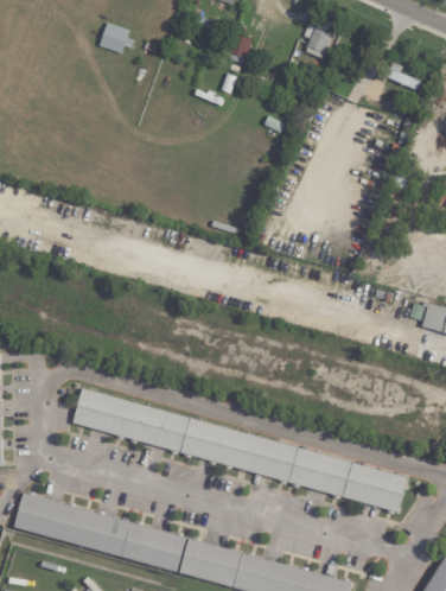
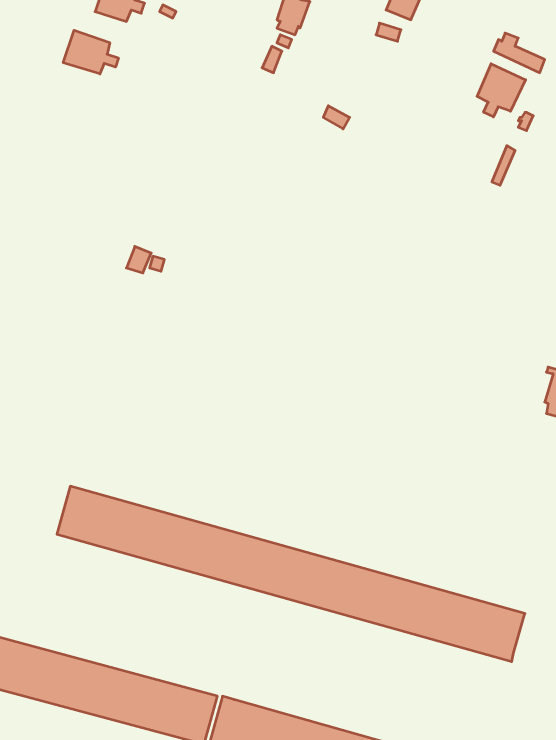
building: none -> [63,30,118,74]
building: none -> [477,64,526,117]

